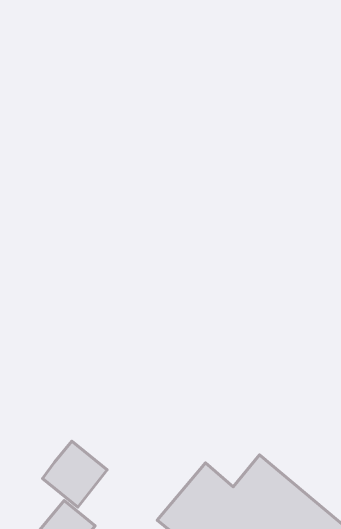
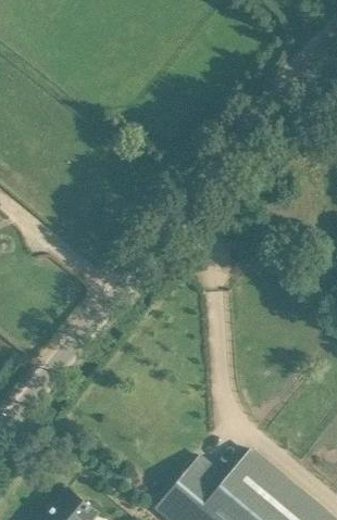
building: [42,441,107,507] -> none

